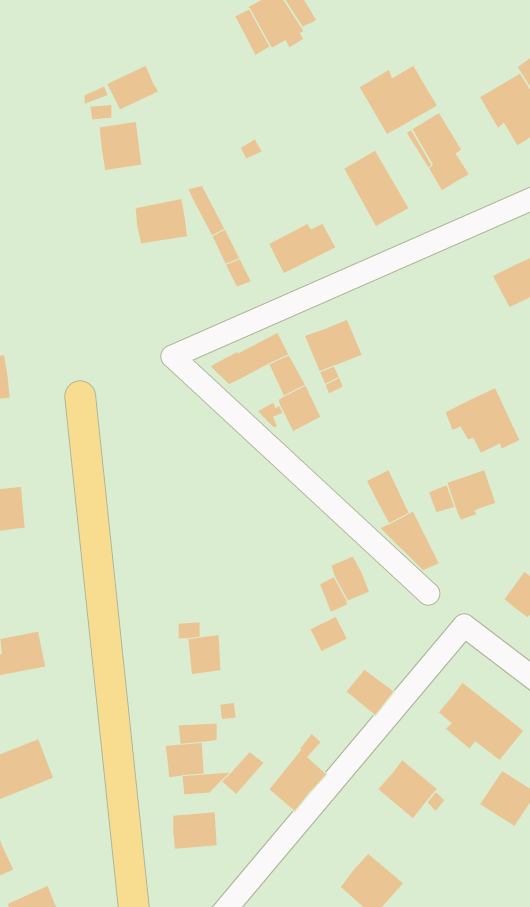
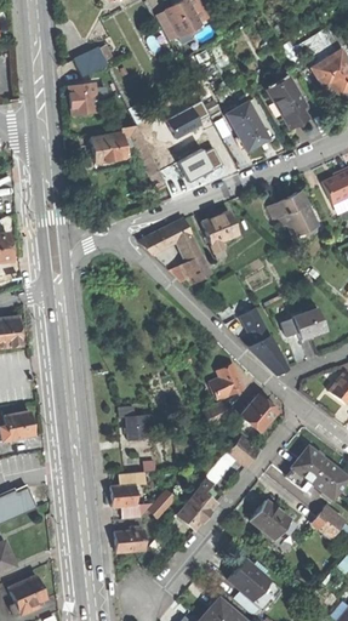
building: [359,65,438,135] -> none
building: none -> [166,102,210,139]
building: [445,388,520,453] -> [269,192,318,234]
building: none -> [241,397,278,433]

